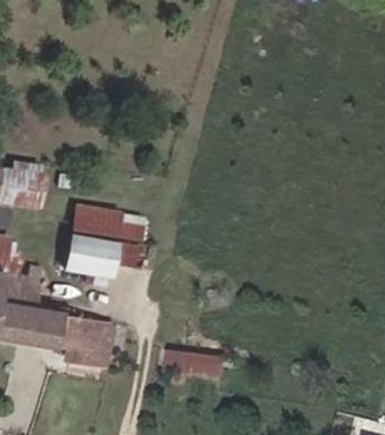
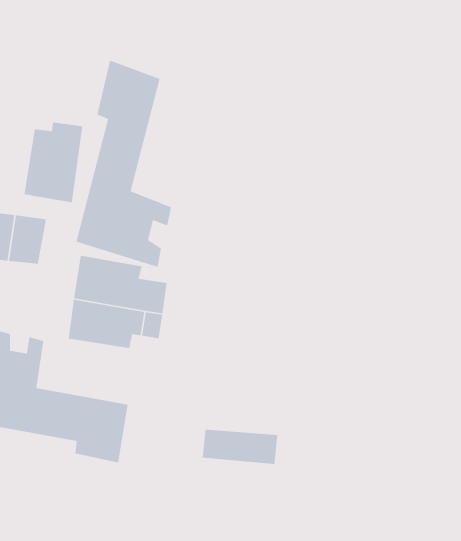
building: none -> [75,59,172,268]
building: none -> [23,121,83,203]

